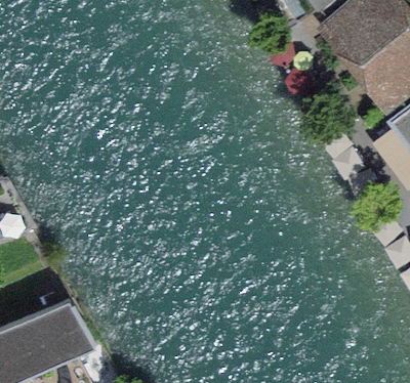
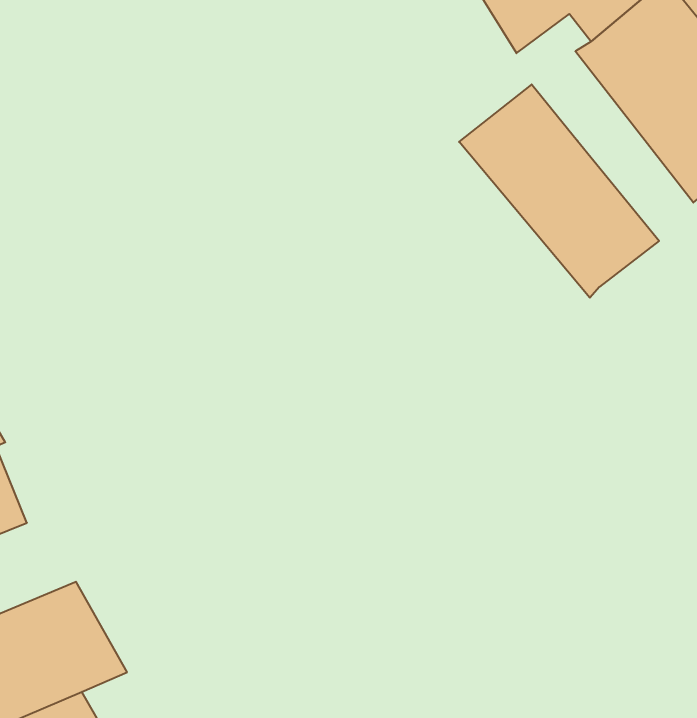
building: none -> [459,84,659,298]

